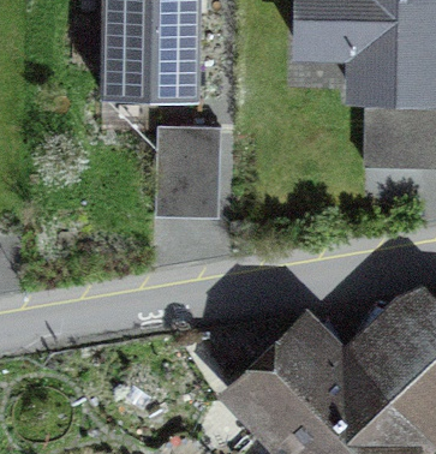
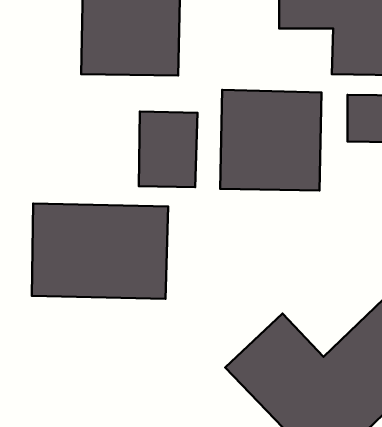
building: none -> [220,90,322,191]
building: none -> [32,204,168,299]

